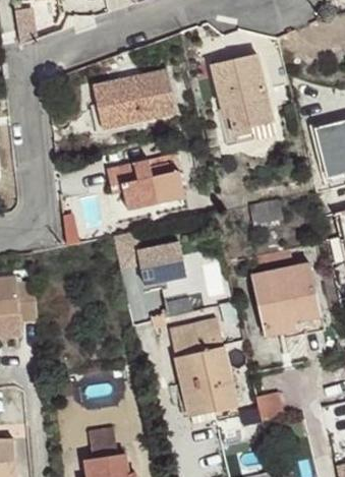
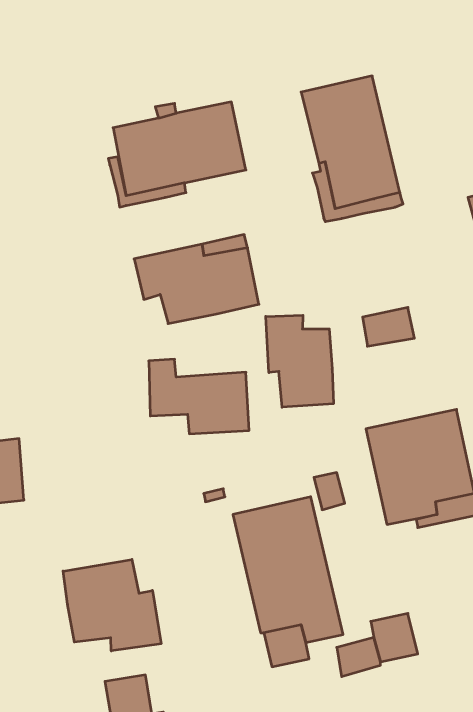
building: none -> [266,315,333,407]
building: none -> [63,559,161,651]

